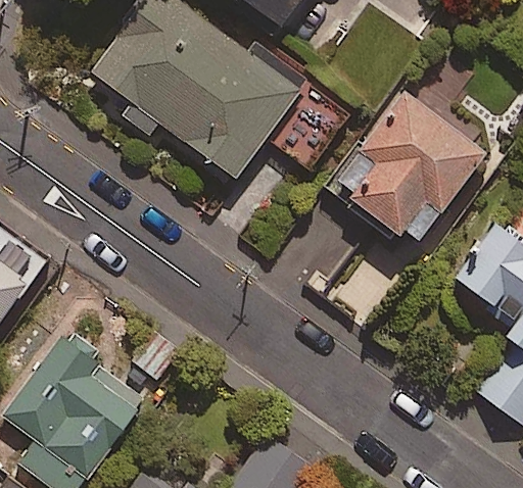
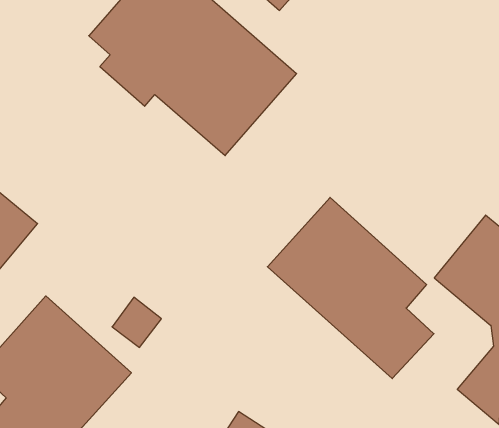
building: [330,93,485,250] -> none
building: none -> [267,197,434,379]

